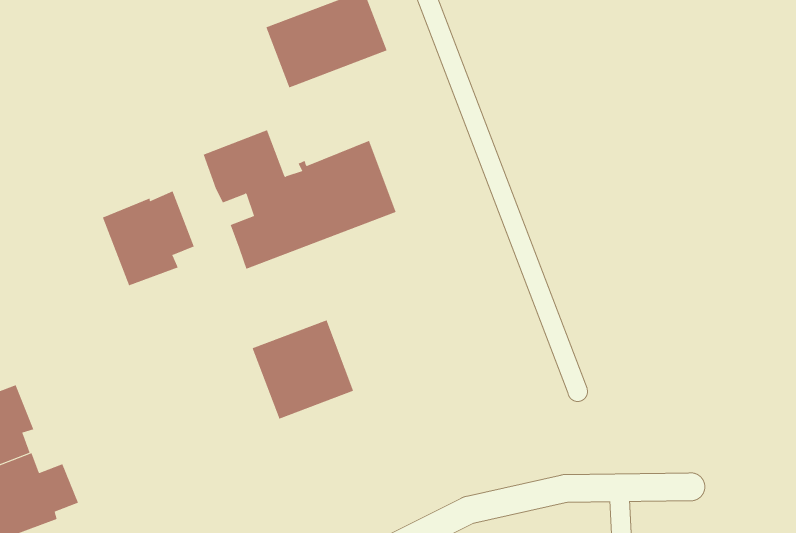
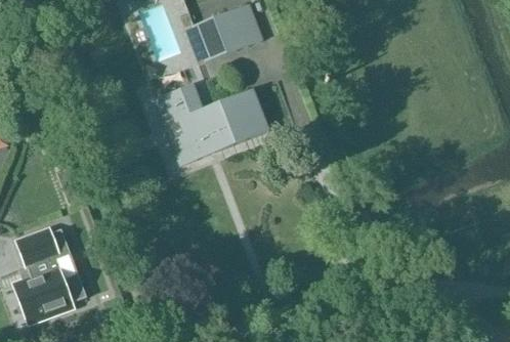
building: [102,190,194,286] -> none
building: [252,319,354,420] -> none

